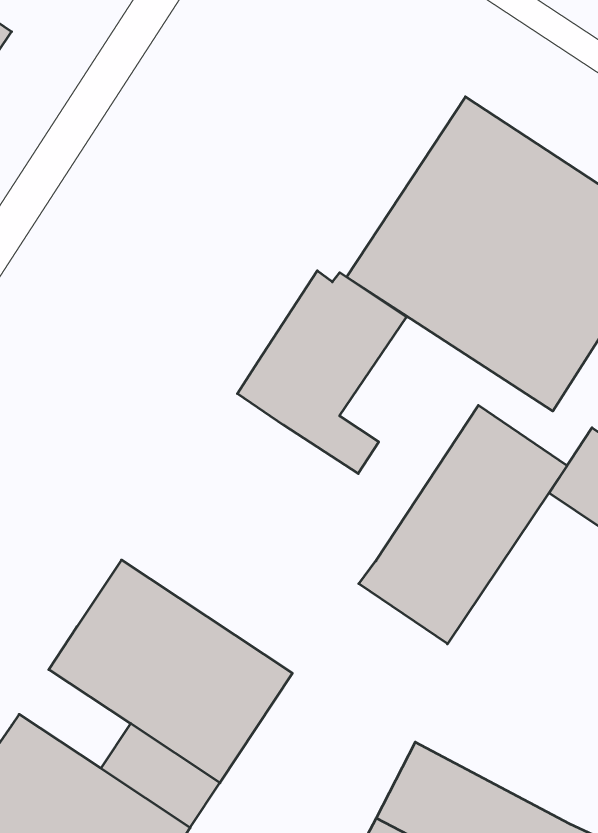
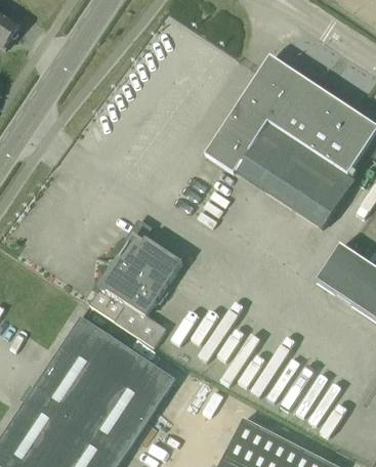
building: [237,271,407,474] -> [89,236,182,347]
building: [359,405,567,644] -> none
building: none -> [25,376,86,430]

